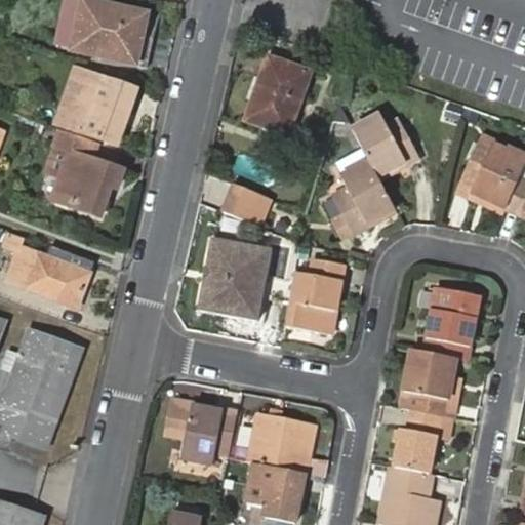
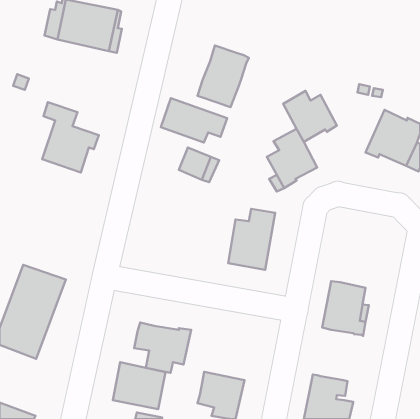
building: [62,69,136,144] -> none
building: none -> [161,98,227,142]
building: [4,233,92,306] -> none
building: [198,239,271,321] -> none
building: [423,287,480,360] -> none
building: [395,410,441,473] -> none
building: [248,414,314,473] -> [113,362,166,409]

